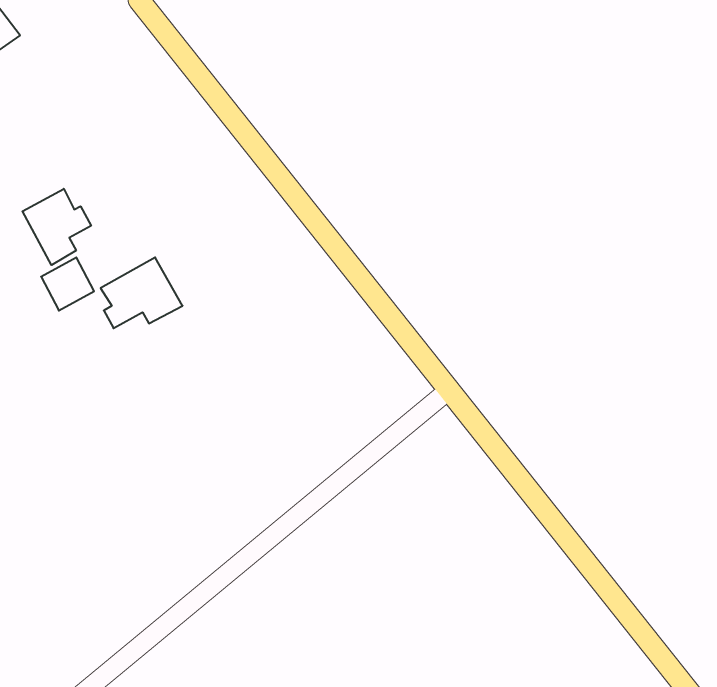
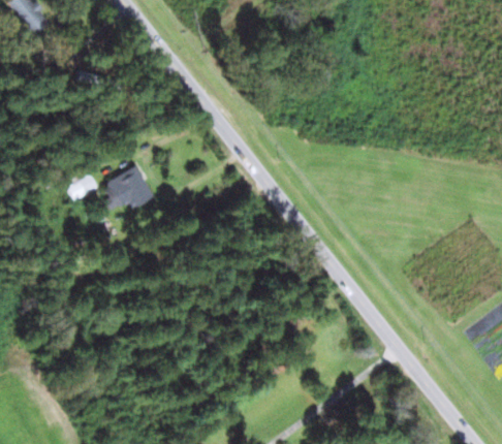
building: [22,189,91,265] -> none

